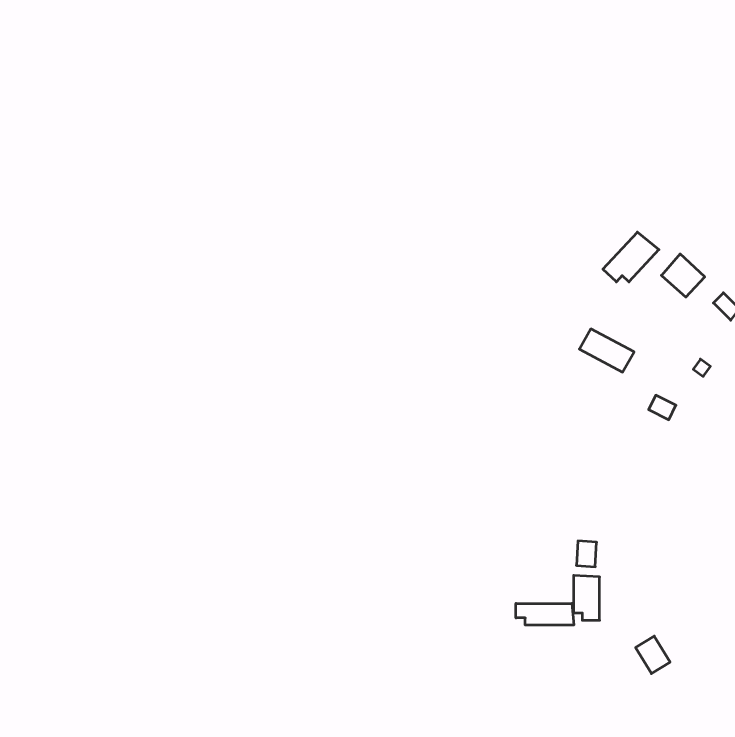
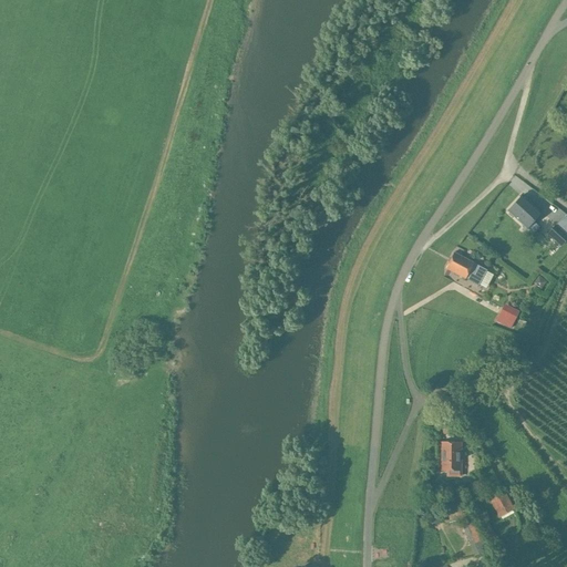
building: [603,232,659,282] -> none
building: [516,603,574,625] -> none

